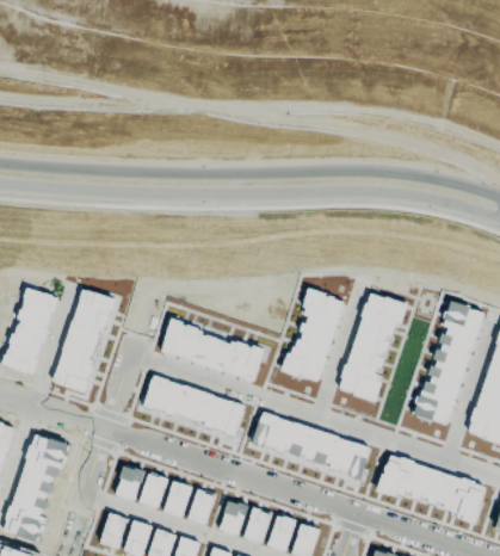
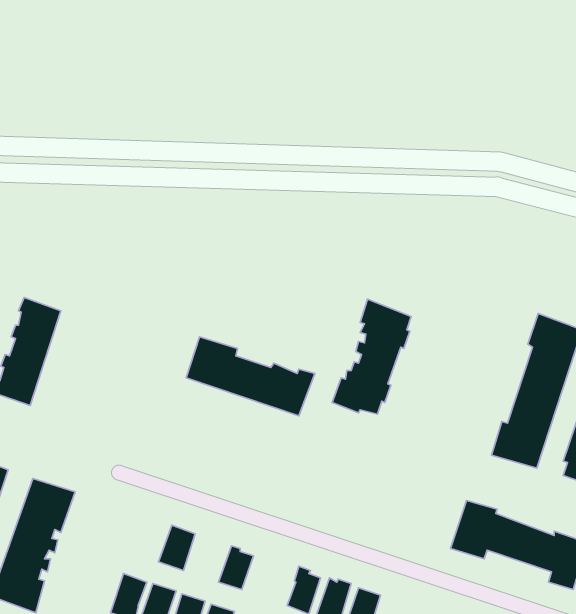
building: [54,289,117,395] -> none
building: [339,294,408,403] -> none
building: [142,375,245,437] -> none
building: [249,412,371,481] -> none
building: [115,464,147,502] -> none
building: [163,481,193,518] -> none
building: [220,501,249,536] -> none

